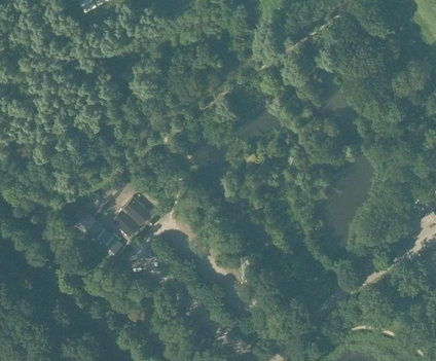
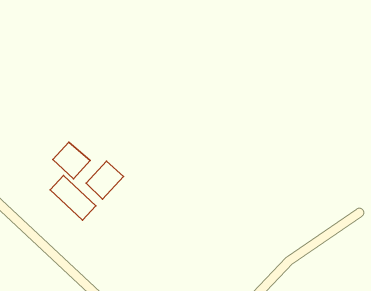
building: none -> [53,142,90,179]

